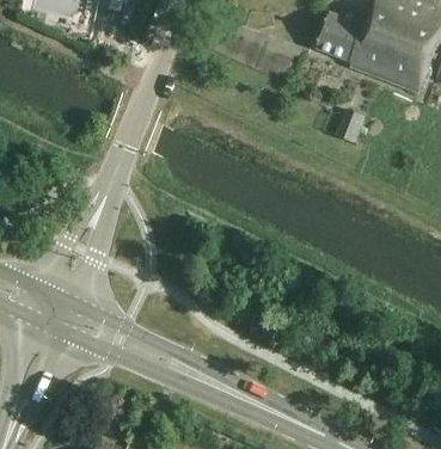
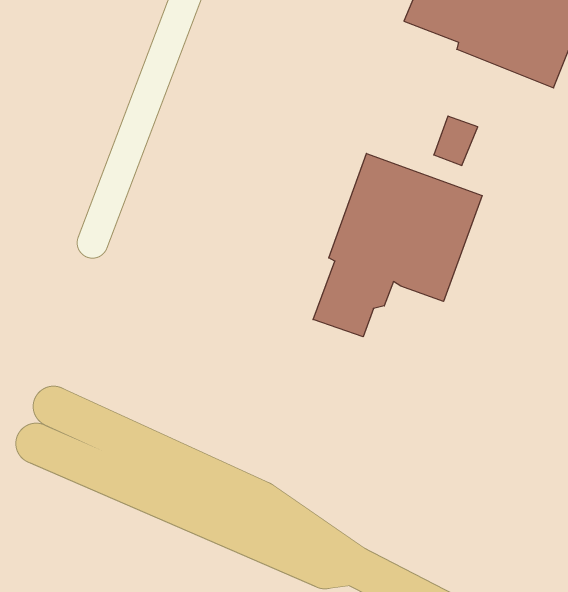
building: none -> [313,153,482,337]

